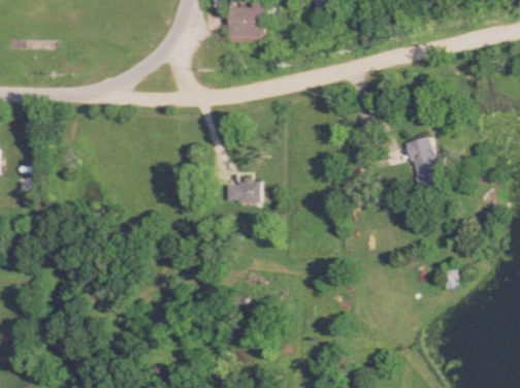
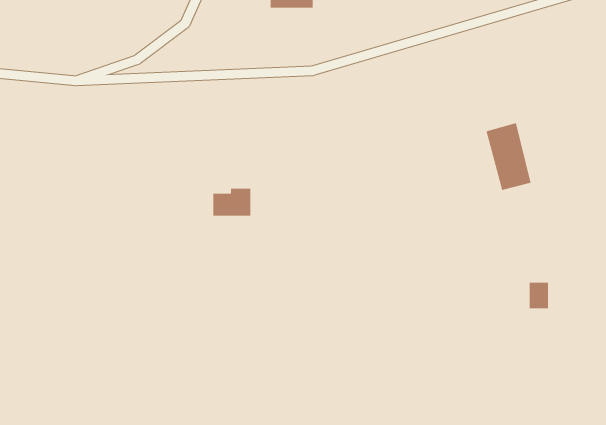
building: [226,180,258,203] -> [213,188,251,217]

